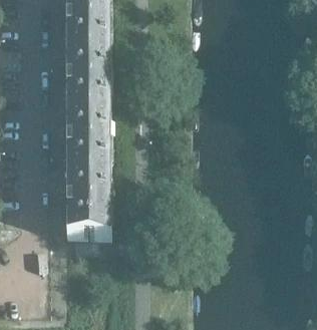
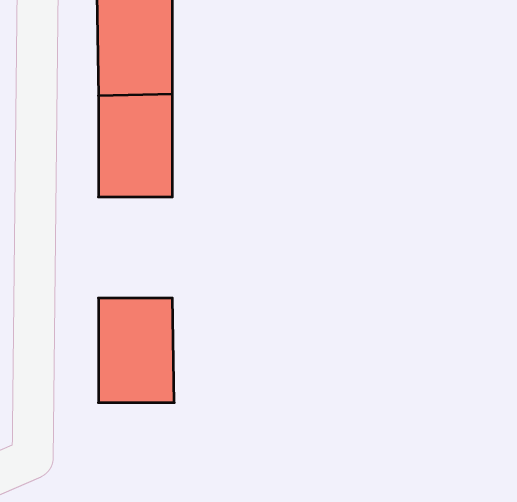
building: [65,119,109,180] -> none

